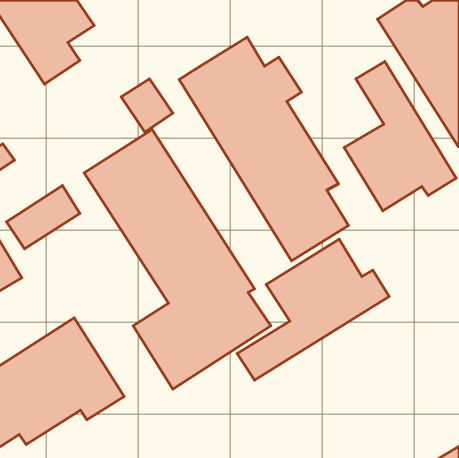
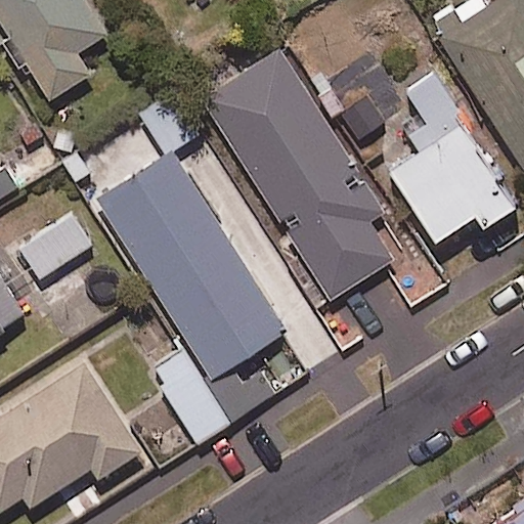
building: [237,239,389,380] -> none

